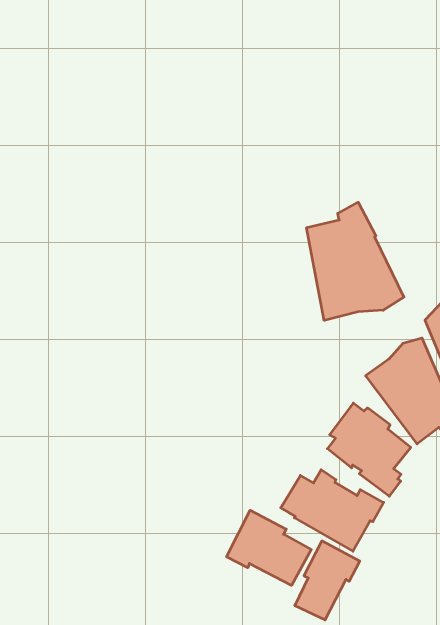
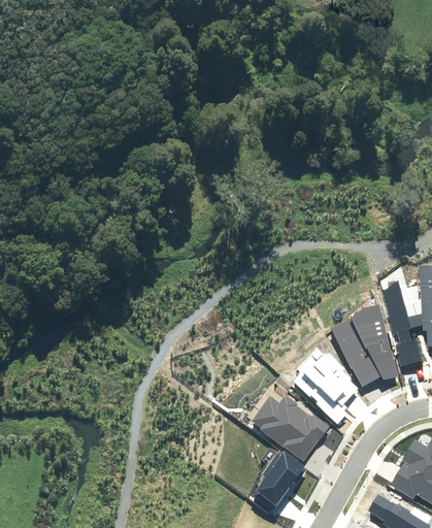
building: [307,202,404,320] -> none
building: [227,510,311,585] -> none

